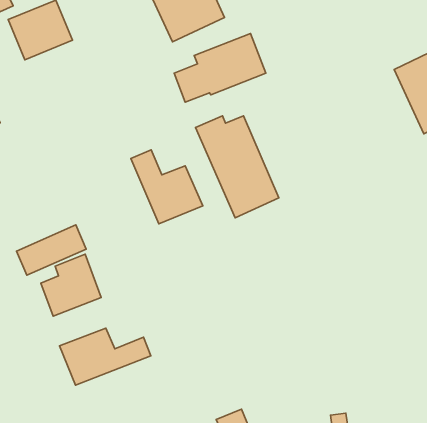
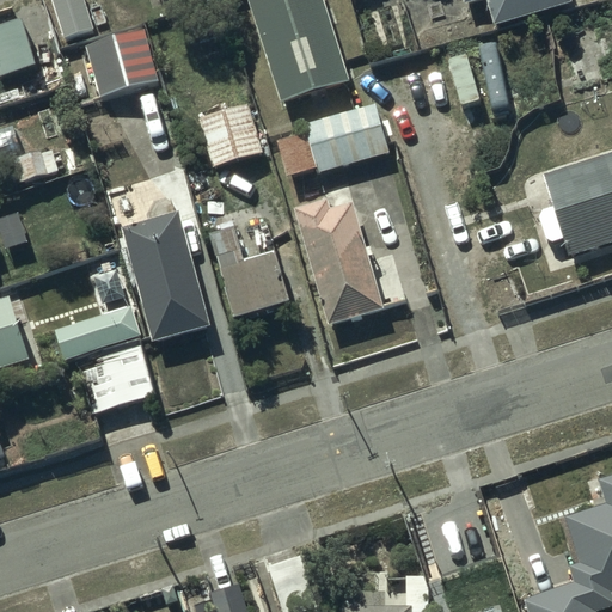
building: none -> [200,103,262,165]
building: none -> [120,210,209,339]
building: [59,328,151,385] -> none

